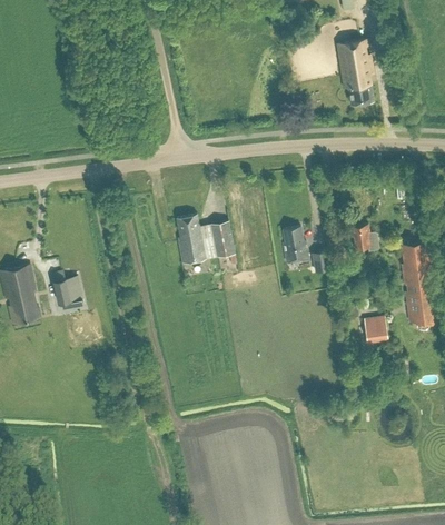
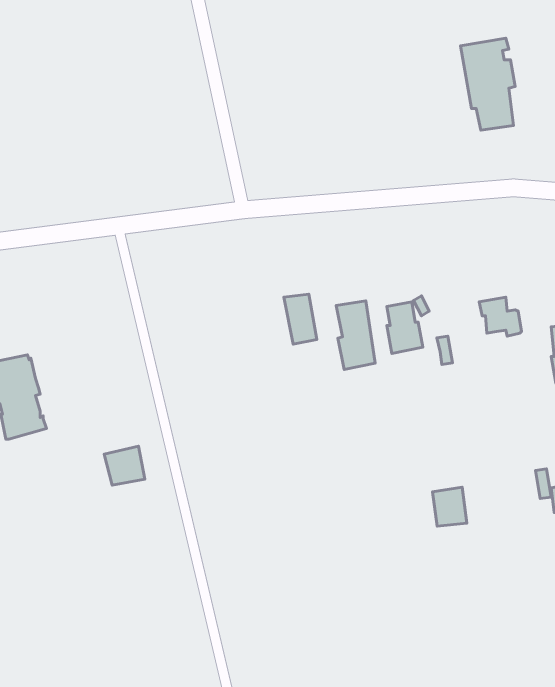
building: [177,216,205,265] -> [336,301,375,369]
building: [55,276,83,304] -> [104,446,145,485]
building: [364,316,388,344] -> [432,487,467,526]

